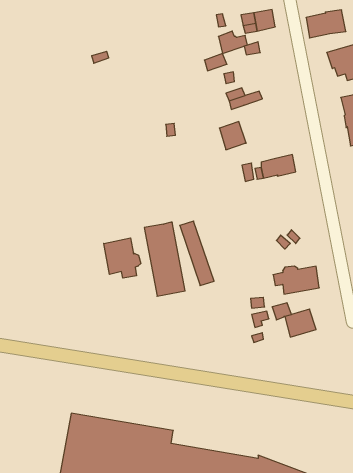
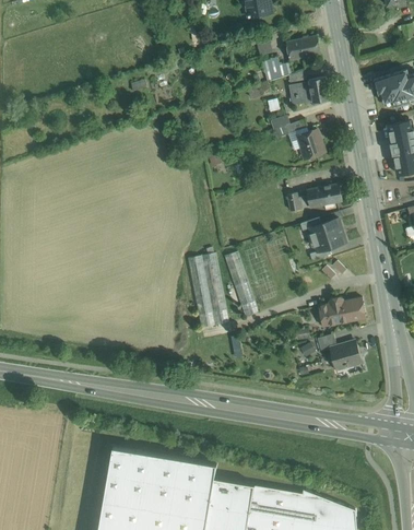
building: [306,10,346,38] -> [288,78,329,106]
building: [219,122,246,150] -> [297,130,324,158]
building: none -> [310,220,347,255]
building: [104,238,141,278] -> none

